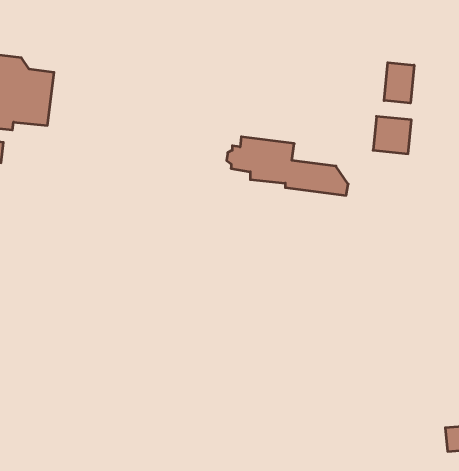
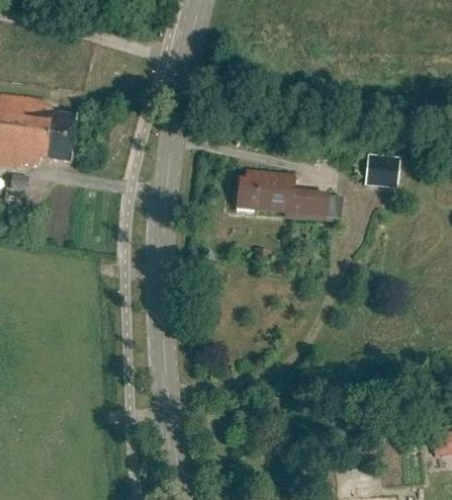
building: [384,63,414,103] -> none

